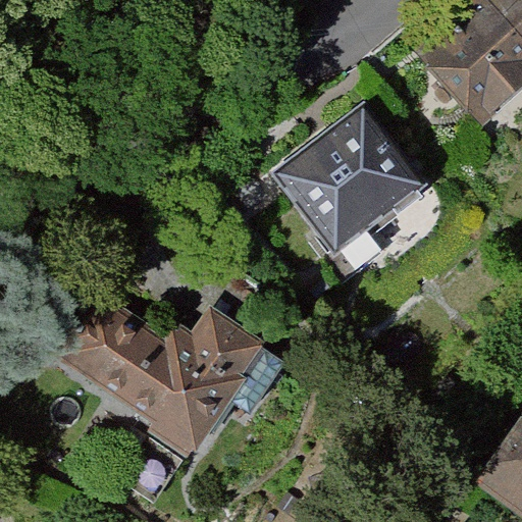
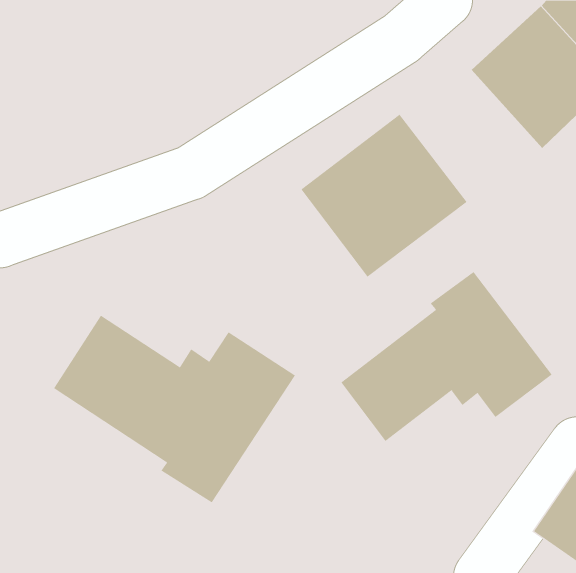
building: none -> [340,271,552,442]

